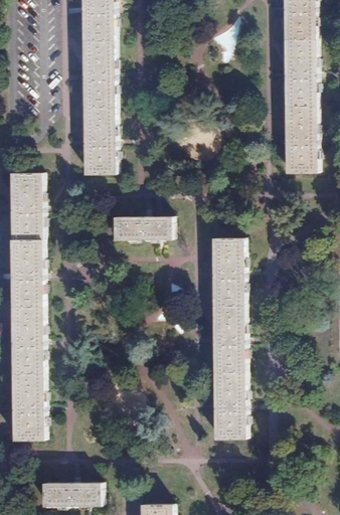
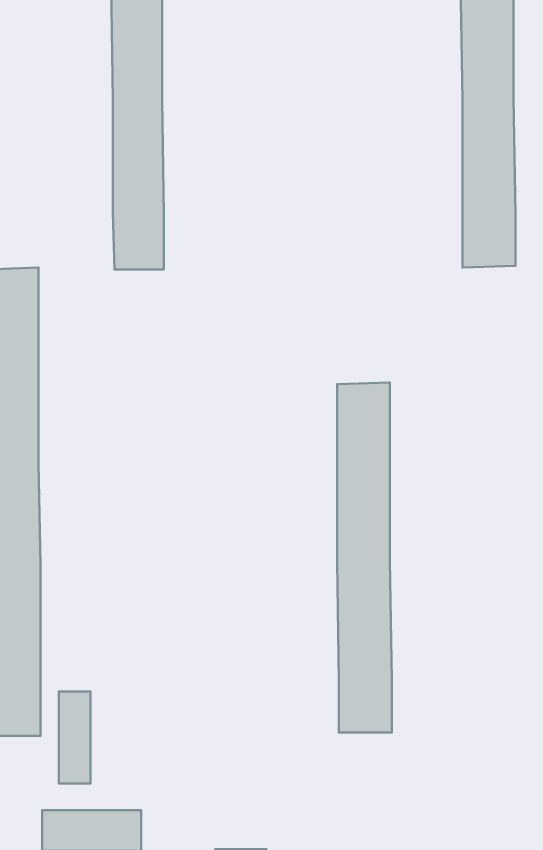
building: [115,217,172,240] -> none
building: none -> [59,692,90,784]

